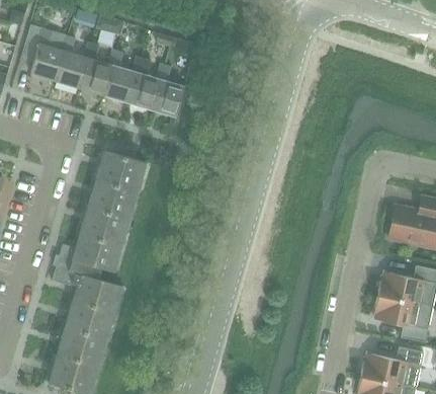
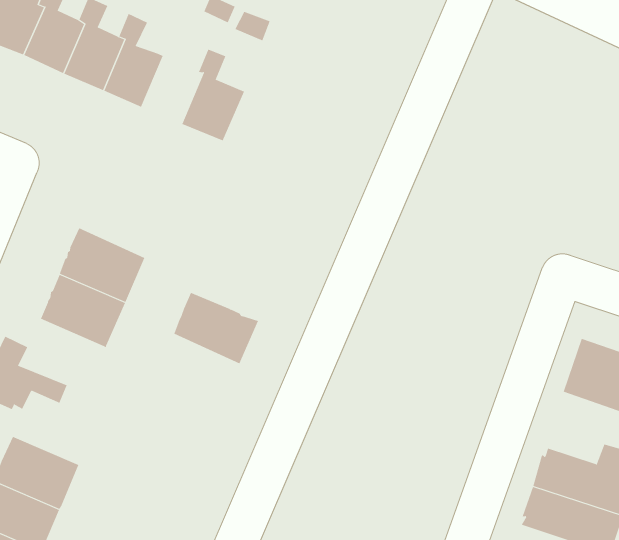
building: [126,56,160,109] -> none
building: [98,151,147,189] -> [173,292,259,364]
building: [73,232,122,271] -> none
building: [74,274,122,314] -> none

